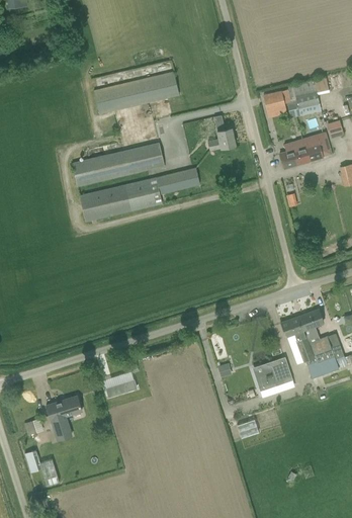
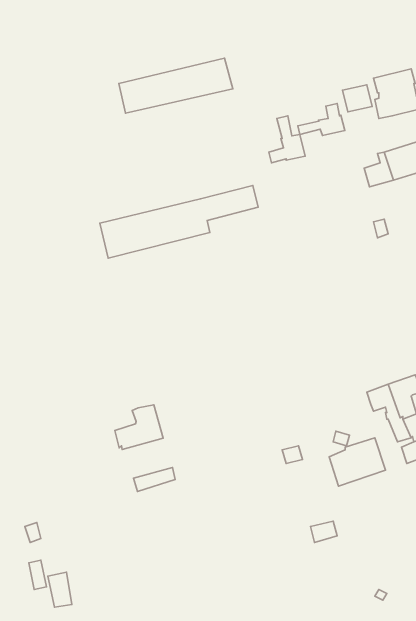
building: none -> [298,104,345,136]
building: [72,141,165,185] -> none
building: none -> [115,405,163,450]
building: [46,396,82,440] -> none

